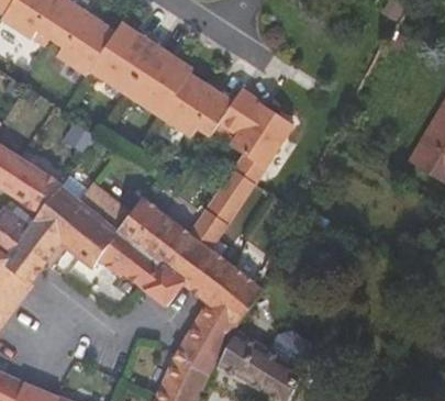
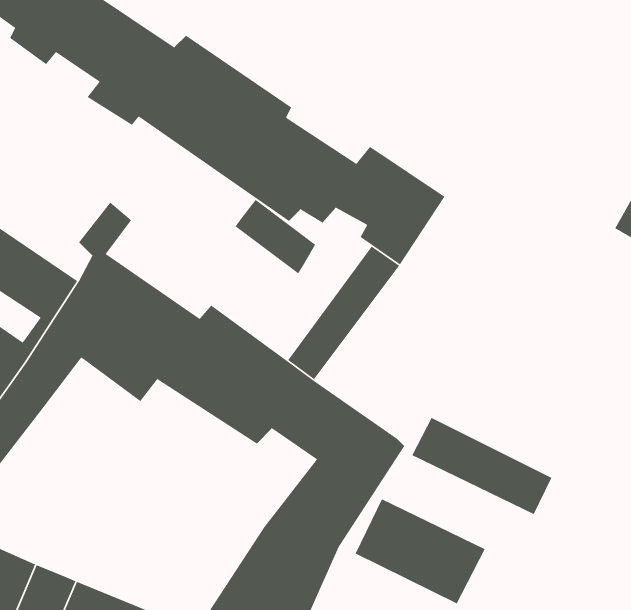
building: none -> [234,199,316,274]
building: none -> [411,417,552,515]

